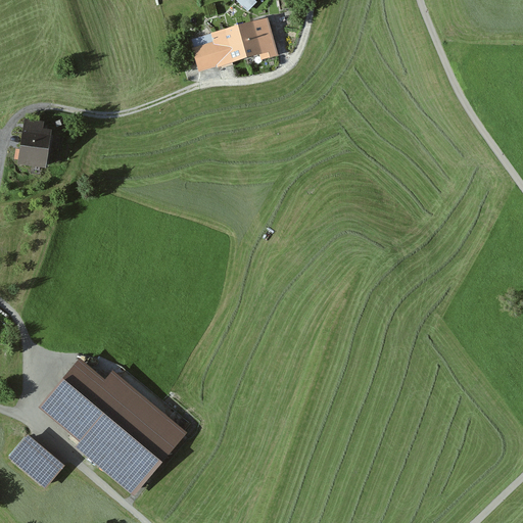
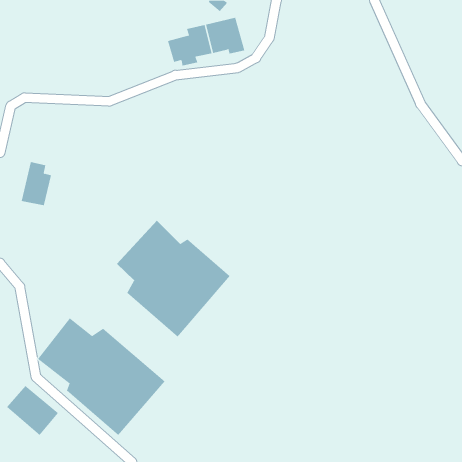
building: [16,116,51,167] -> [21,161,52,206]
building: none -> [116,220,231,338]

